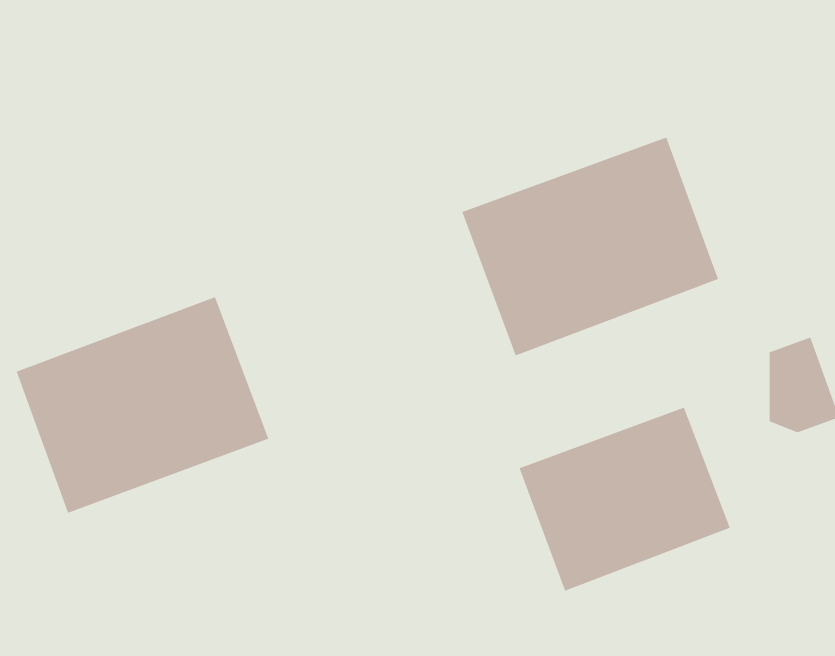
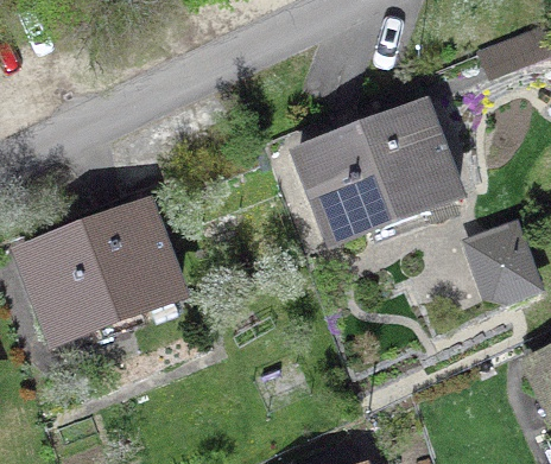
building: [519,407,730,592] -> none

